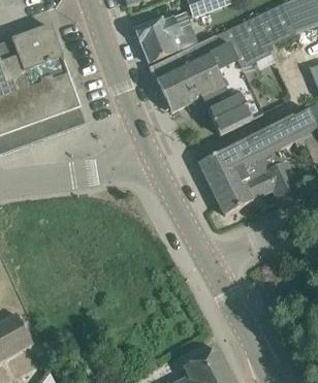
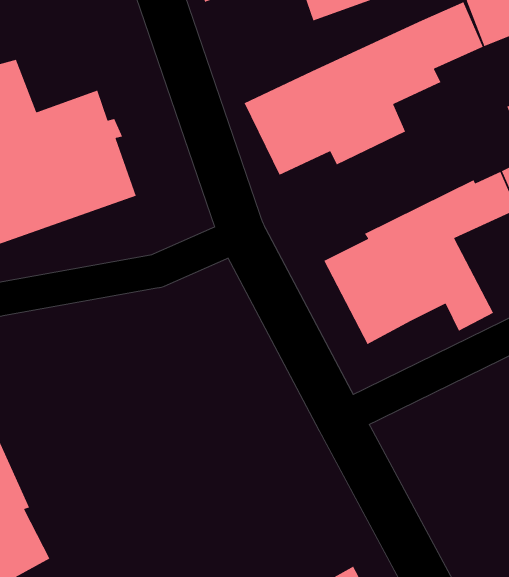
building: [134,15,182,62] -> none
building: [11,25,62,71] -> none
building: [206,84,263,134] -> none

